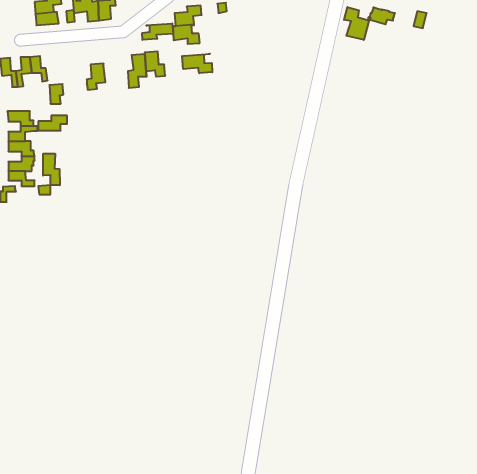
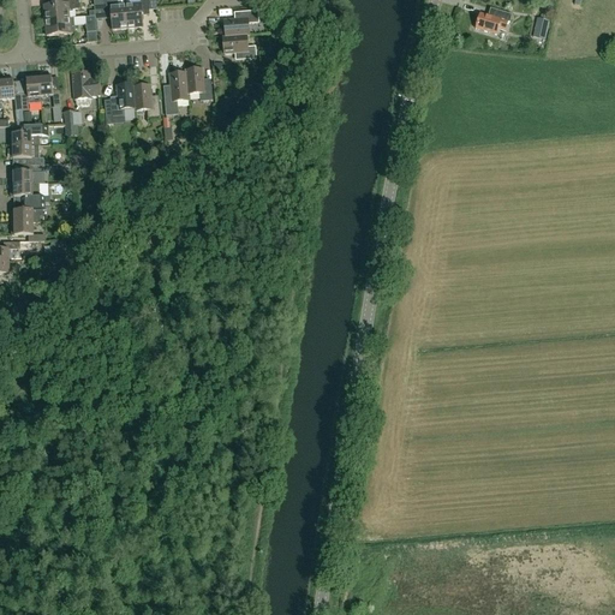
building: [344,7,370,40] -> none
building: [142,23,173,40] -> none
building: none -> [72,68,101,97]
building: [182,54,212,73] -> none
building: none -> [133,83,161,115]
building: [38,116,67,131] -> [10,124,47,143]
building: [43,154,60,185] -> none

